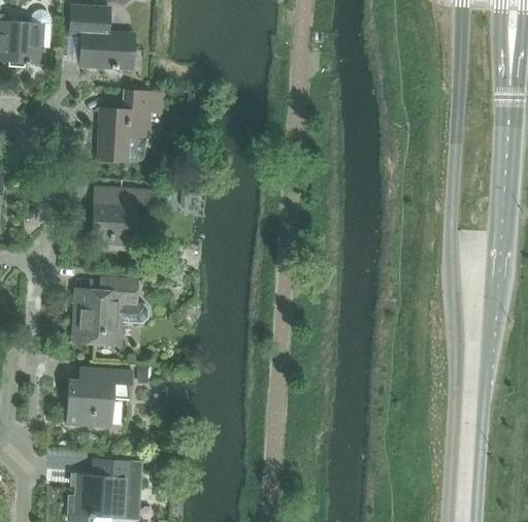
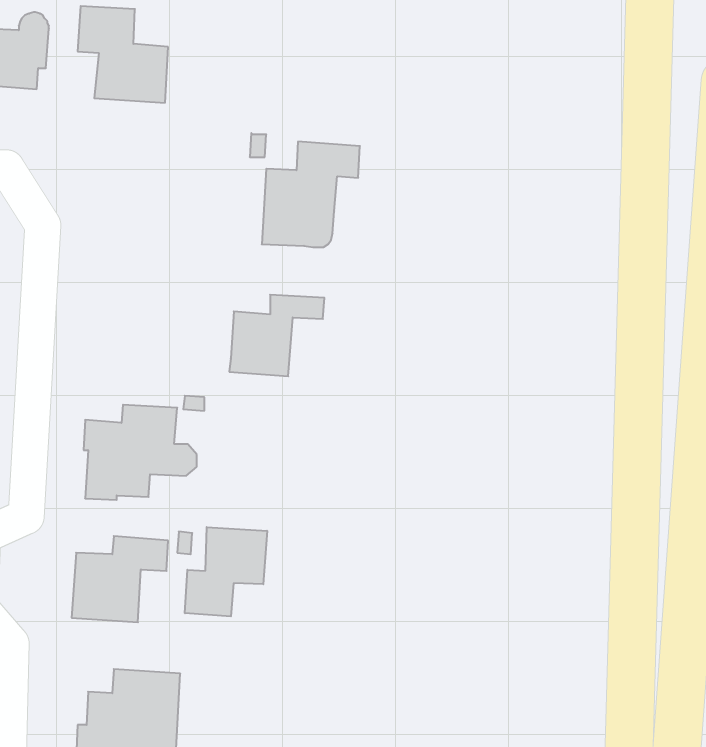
building: [97,89,164,161] -> [262,142,360,247]
building: [92,188,157,243] -> [229,295,324,376]
building: none -> [185,527,267,616]

